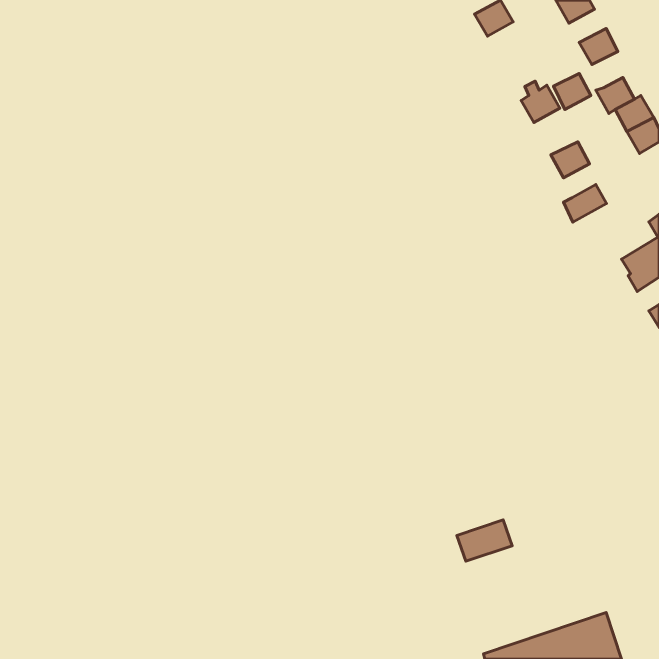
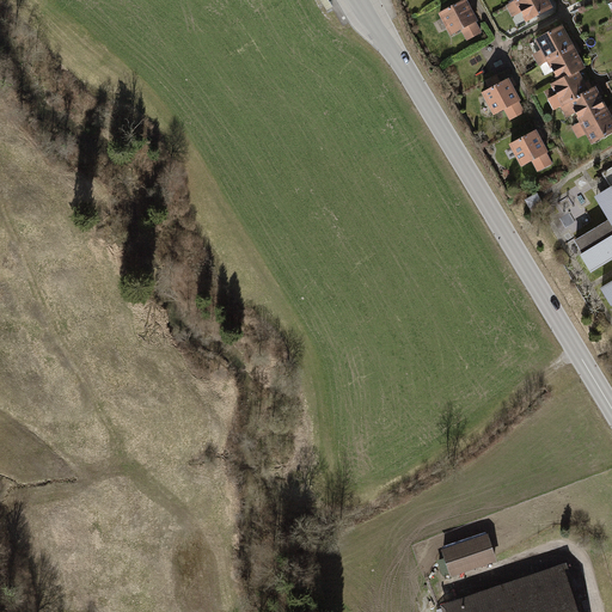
building: [553,73,591,110] -> [549,48,583,81]
building: [563,185,606,222] -> none
building: [457,520,512,561] -> [443,536,495,574]

